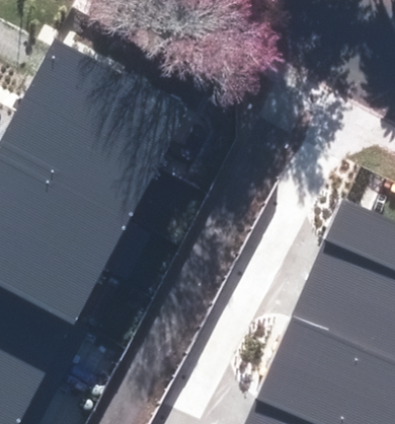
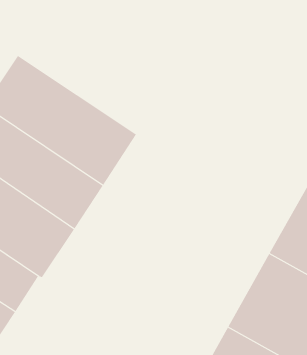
building: [25,41,188,166] -> none

